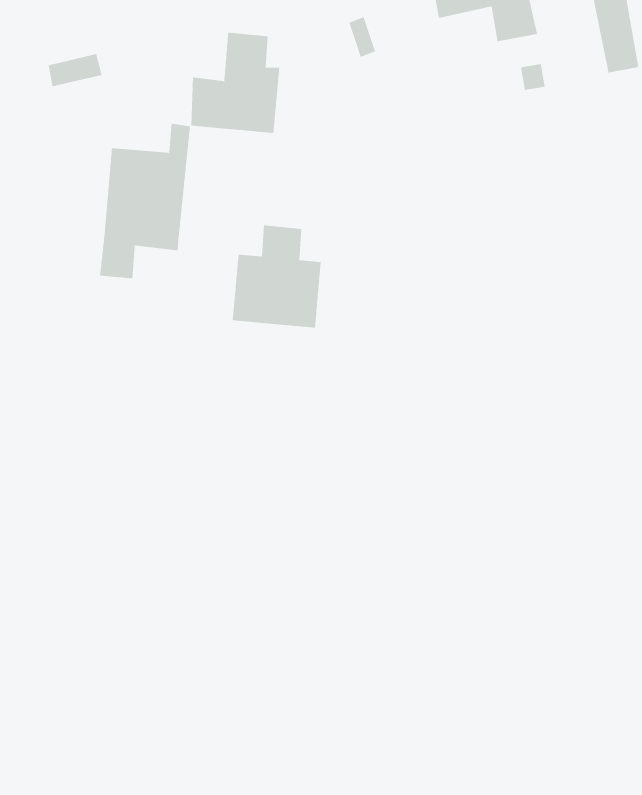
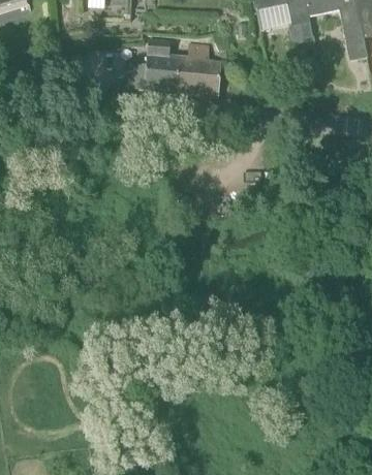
building: [99,123,190,279] -> none
building: [232,225,322,328] -> [174,41,221,96]

